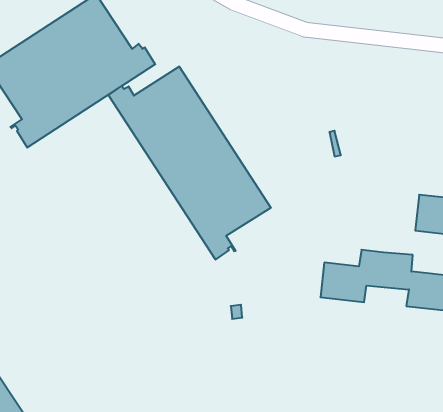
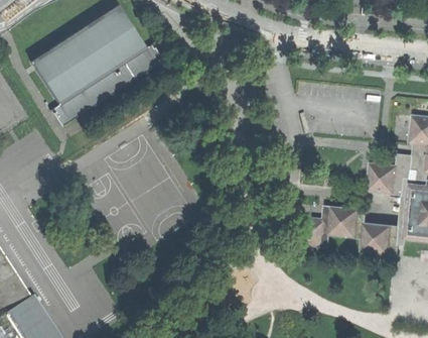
building: [109,66,271,260] -> none

